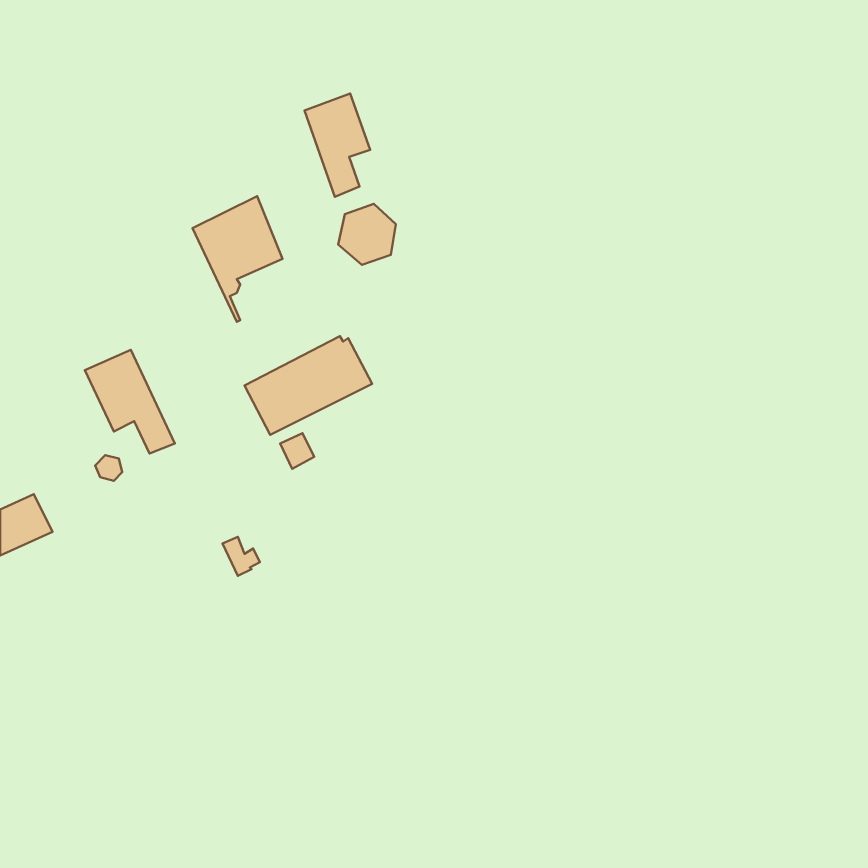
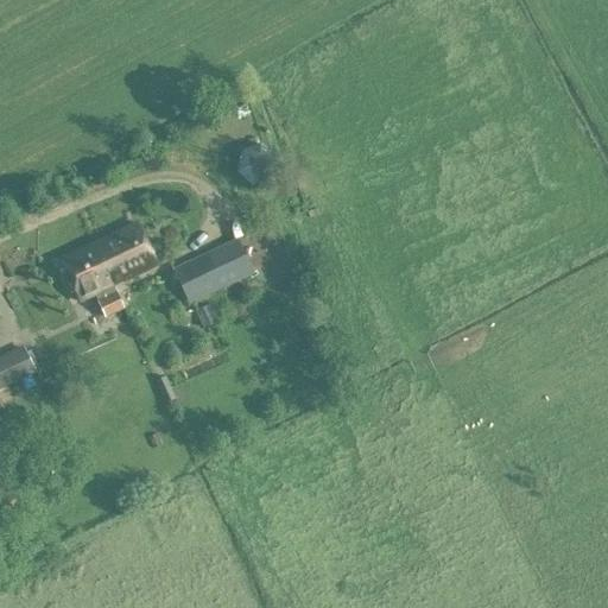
building: [305,93,370,197] -> none
building: [193,196,283,322] -> [91,222,154,310]

